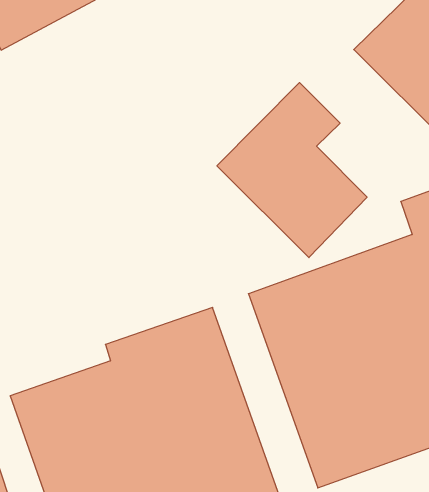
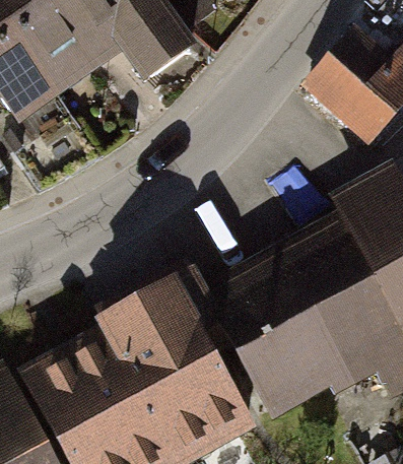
building: [217,83,367,258] -> none

